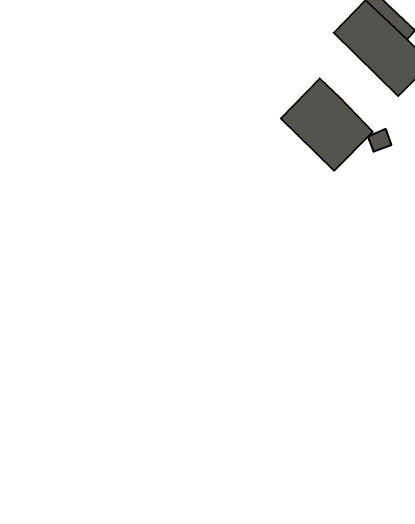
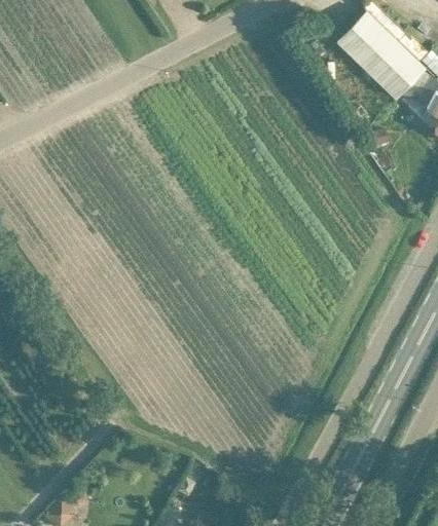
building: [281,78,373,171] -> none

